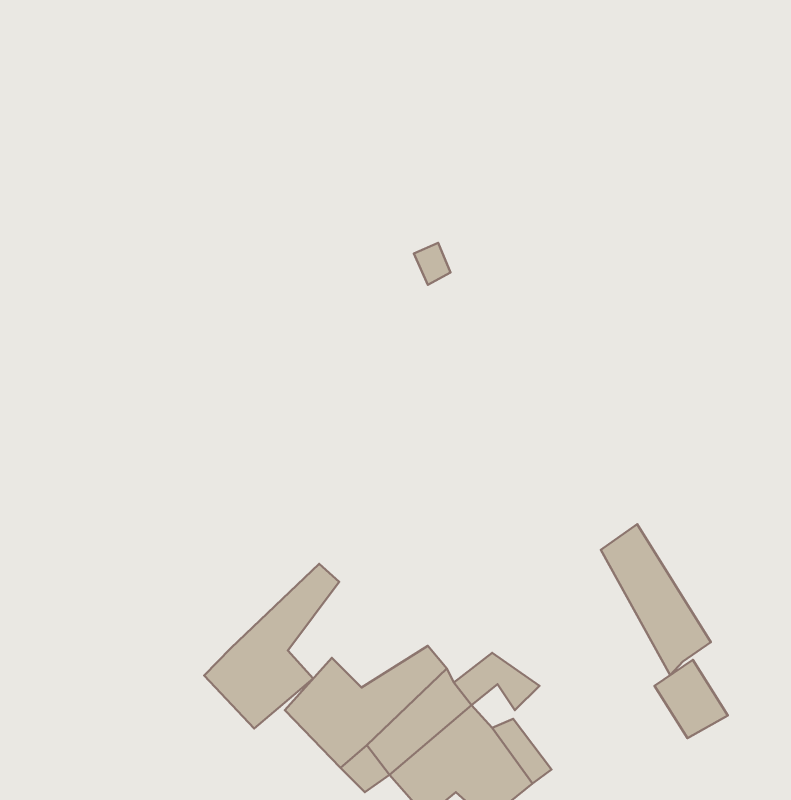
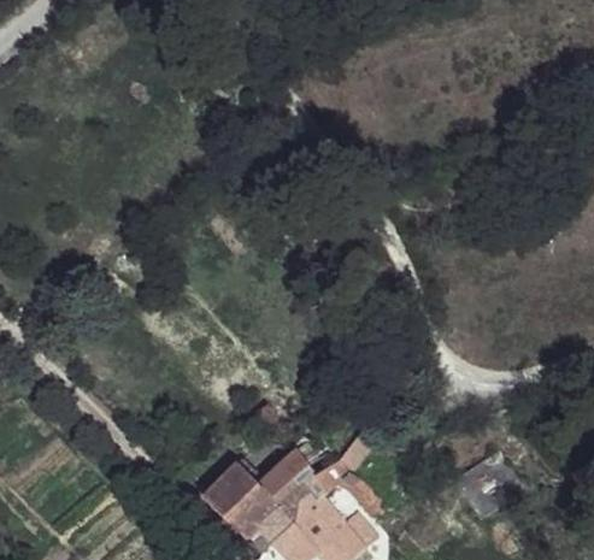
building: [601,524,711,675] -> none
building: [204,564,339,729] -> none

